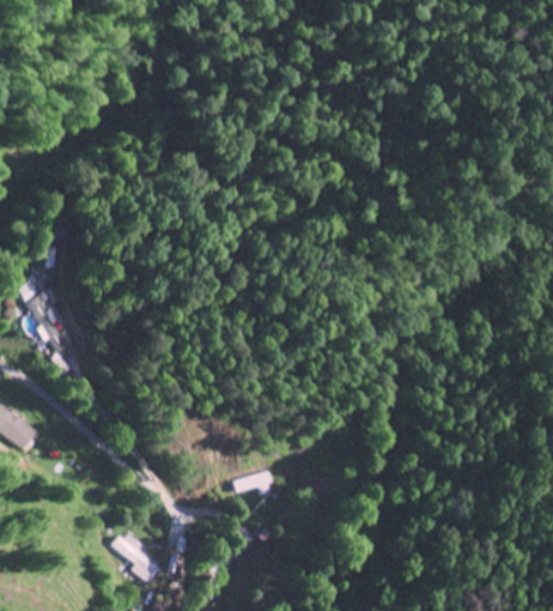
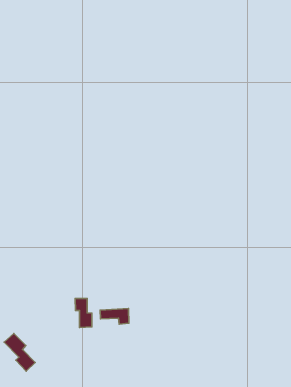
building: none -> [75,298,92,328]

